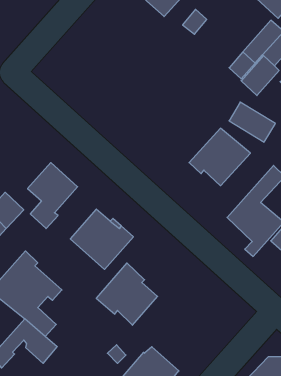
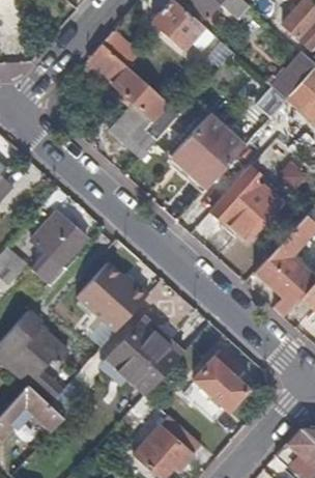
building: none -> [85,43,179,159]
building: none -> [170,114,245,190]
building: none -> [182,350,247,422]

